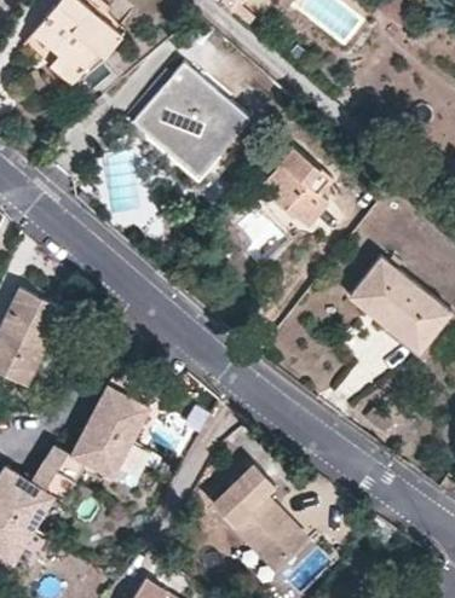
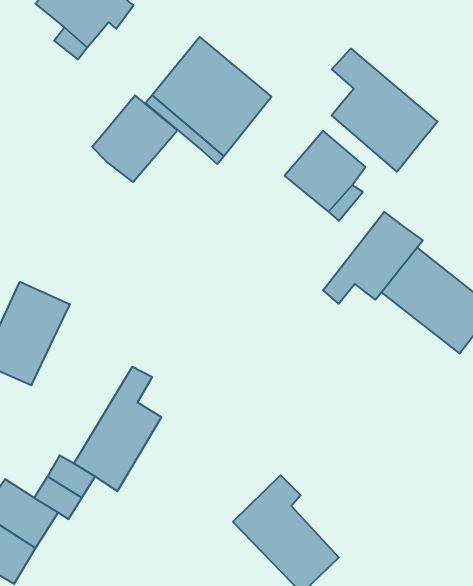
building: none -> [332,49,438,172]
building: none -> [92,95,177,182]
building: none -> [323,212,423,304]

